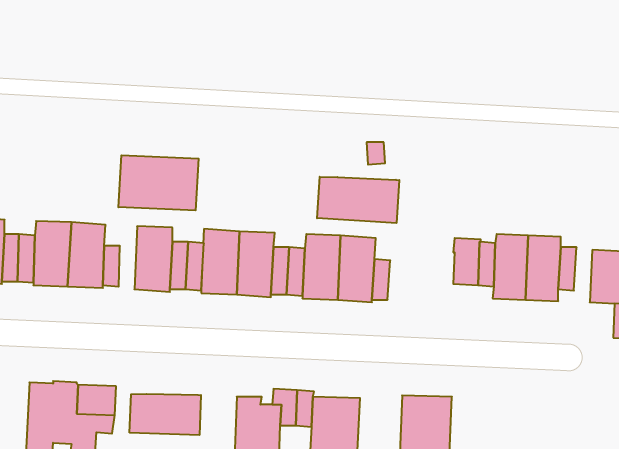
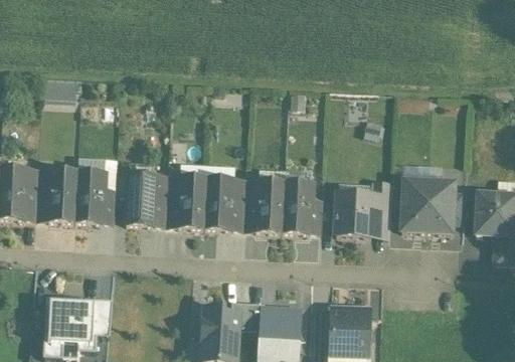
building: [118,155,199,210] -> none
building: [317,177,399,223] -> none
building: none -> [336,197,372,238]
building: [130,394,201,435] -> none

